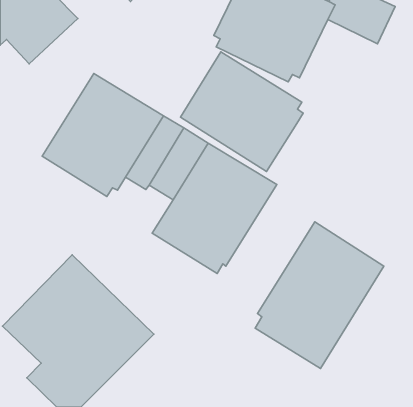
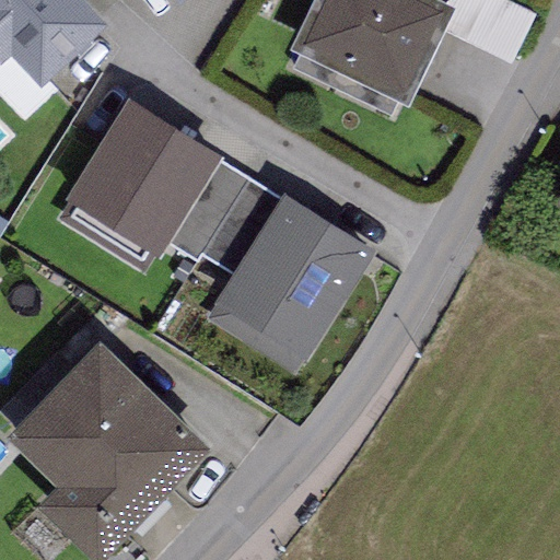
building: [181,52,303,171] -> none
building: [255,222,384,369] -> none

